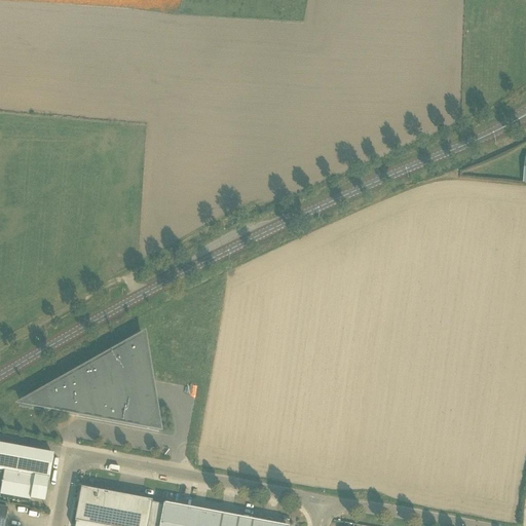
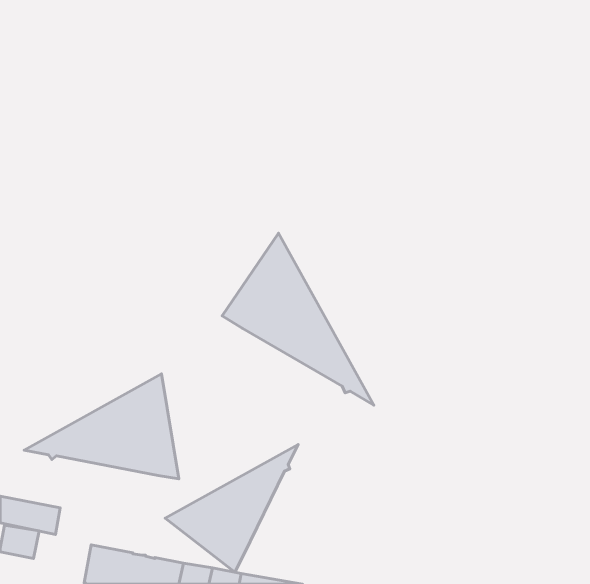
building: none -> [222,233,374,405]
building: none -> [165,444,298,572]

